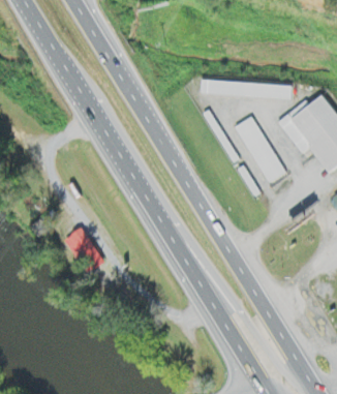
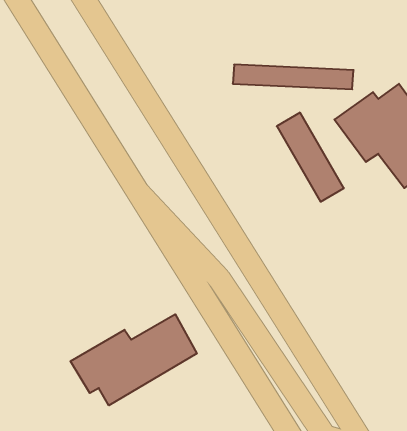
building: [64,229,99,267] -> none
building: none -> [70,314,197,405]

